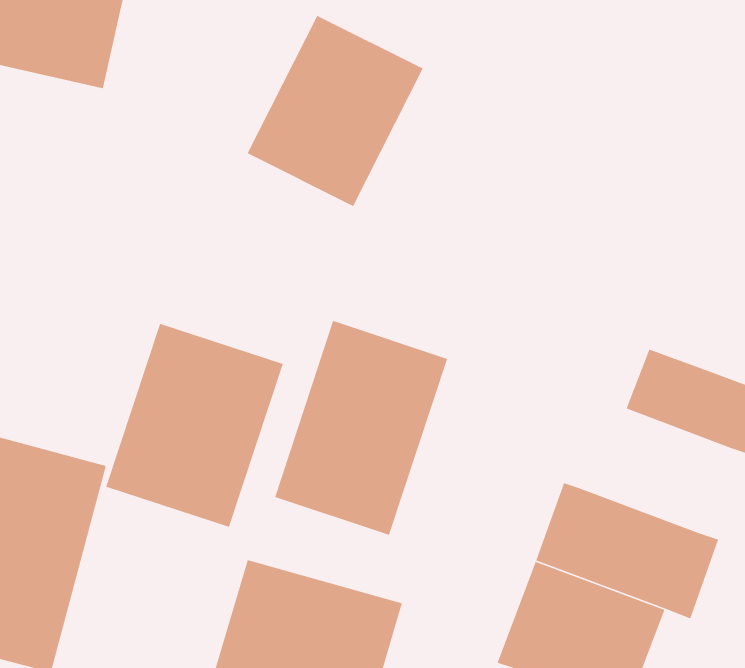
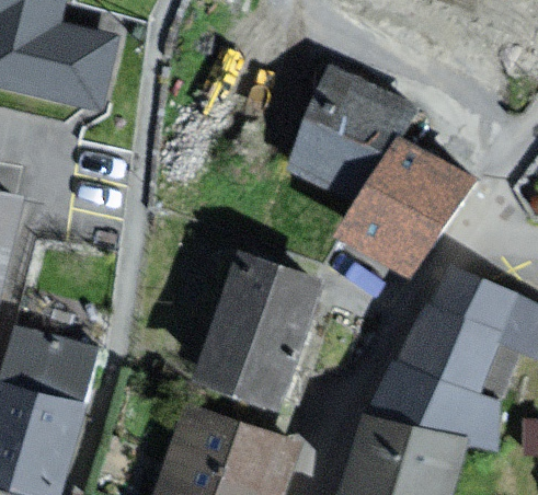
building: [247,15,424,207] -> [290,70,407,196]
building: none -> [352,145,467,270]
building: [105,323,284,528] -> none
building: none -> [403,310,503,394]

